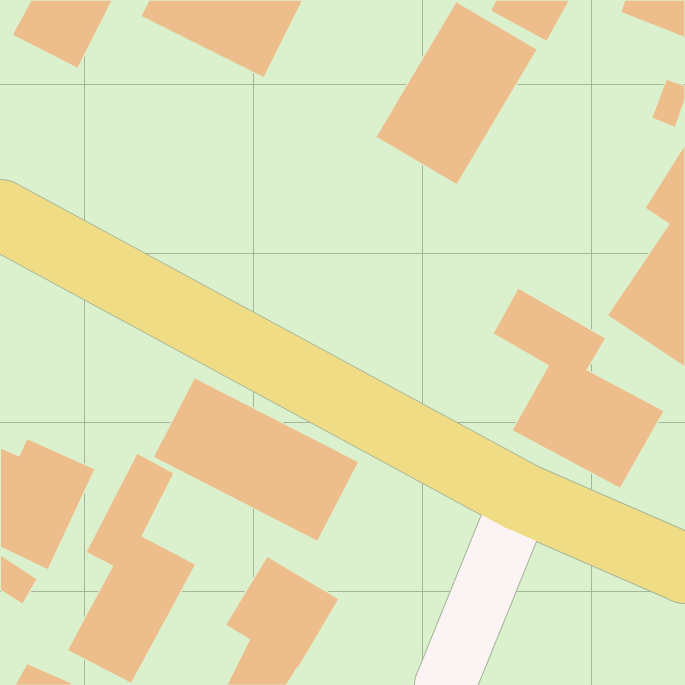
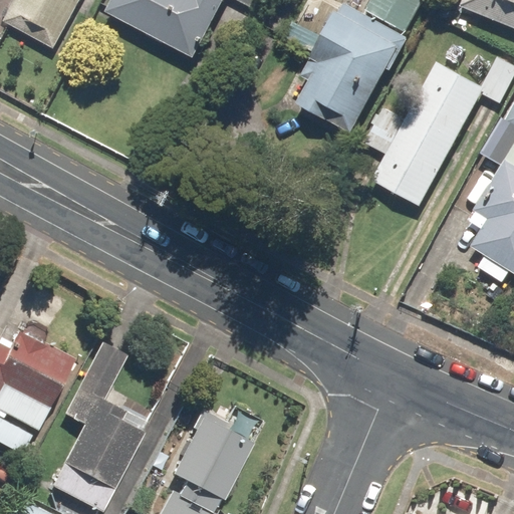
building: none -> [375,63,483,200]
building: [493,288,664,488] -> none
building: [153,378,359,541] -> none

